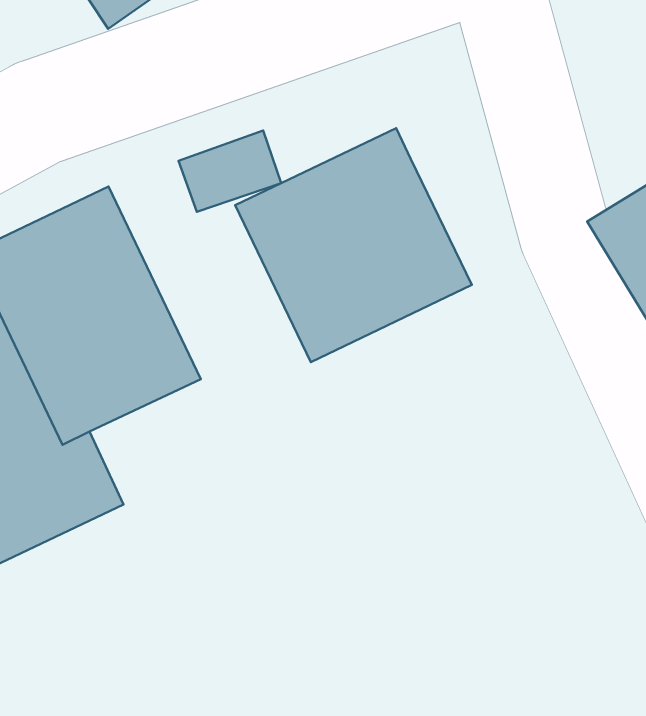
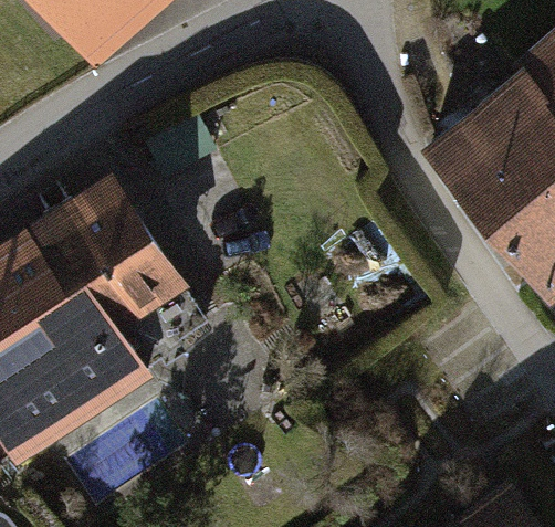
building: [235,128,472,362] -> none

